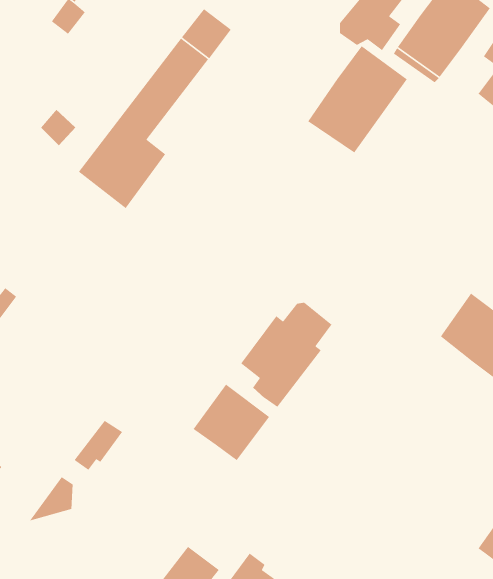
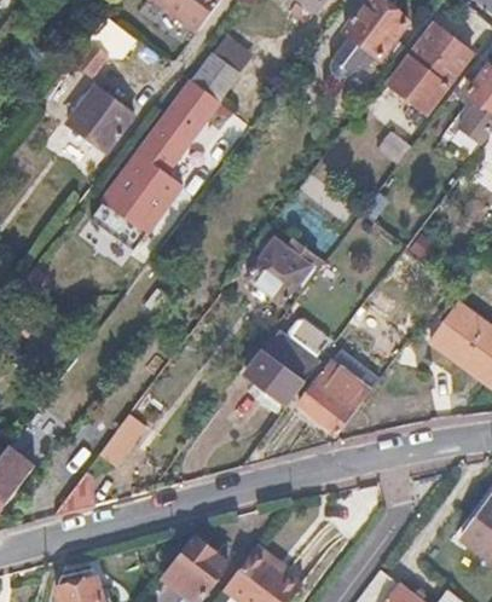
building: none -> [65,83,132,150]
building: [307,45,408,153] -> none
building: none -> [249,235,318,299]
building: [192,383,270,461] -> [299,363,369,433]

